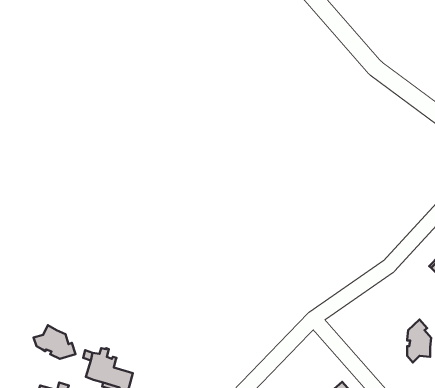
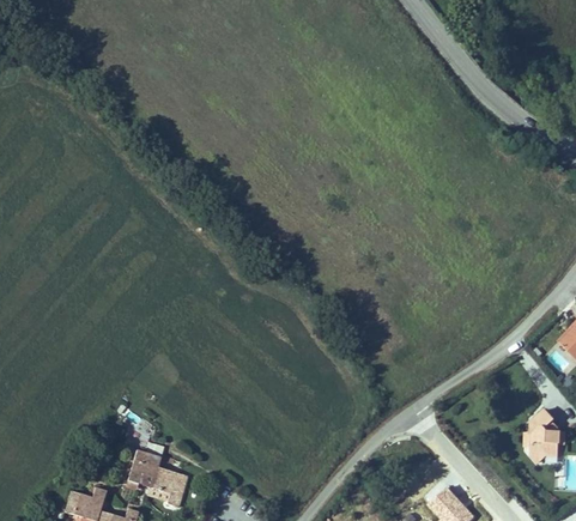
building: [34,325,75,359] -> none

